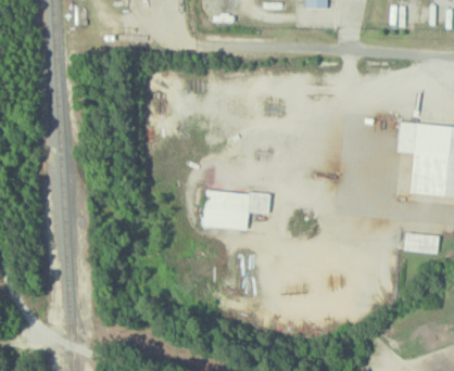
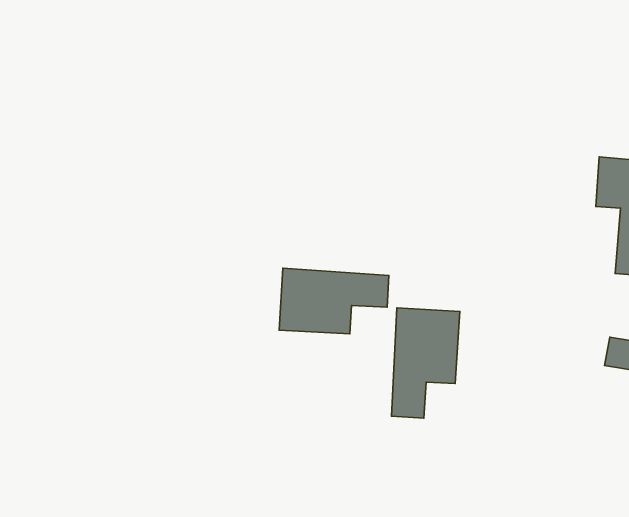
building: none -> [392,308,460,418]

